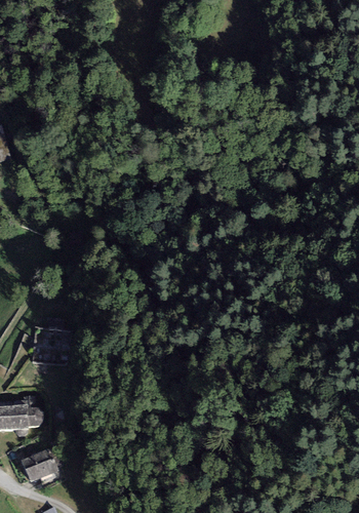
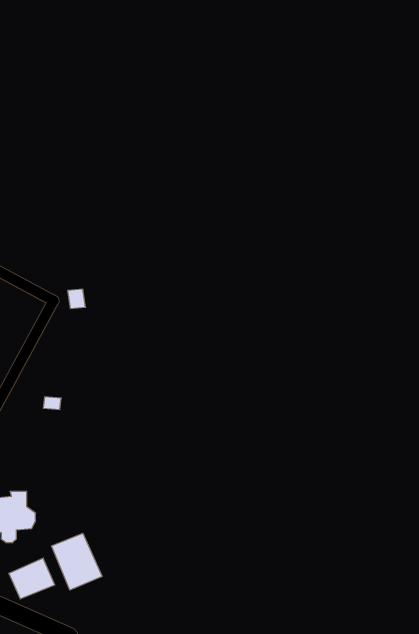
building: none -> [52,533,102,590]

